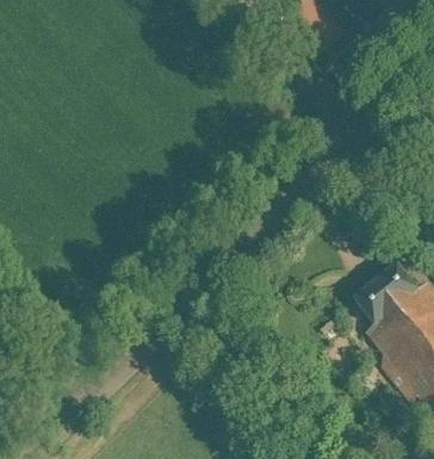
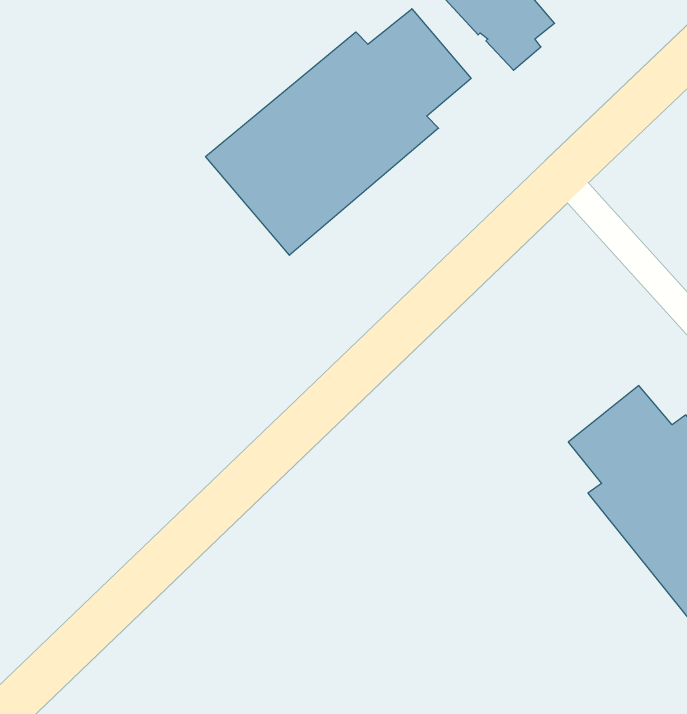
building: none -> [206,9,471,255]

